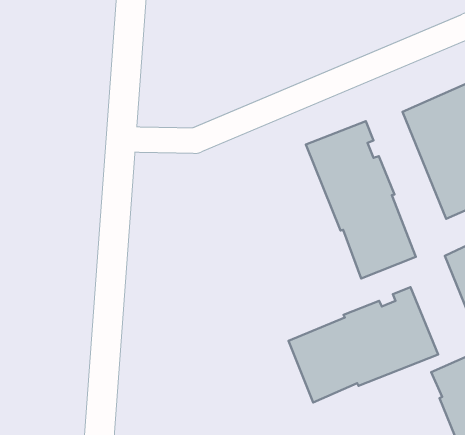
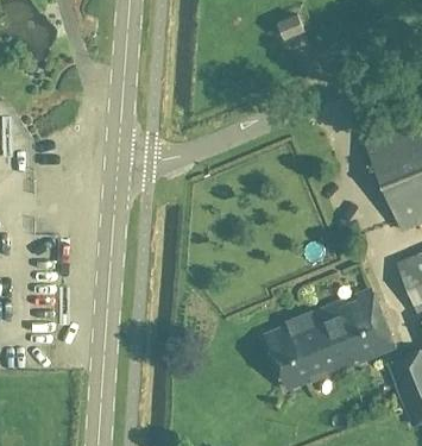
building: [306,121,416,279] -> none

